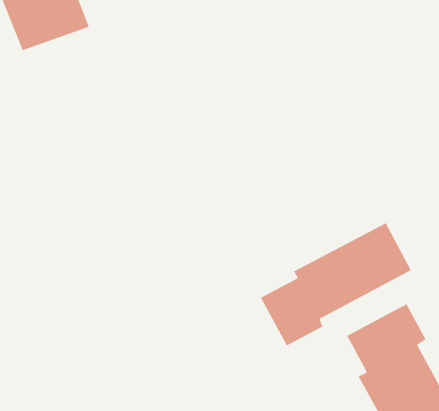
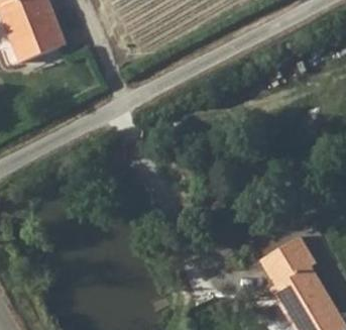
building: [260,222,412,347] -> none

